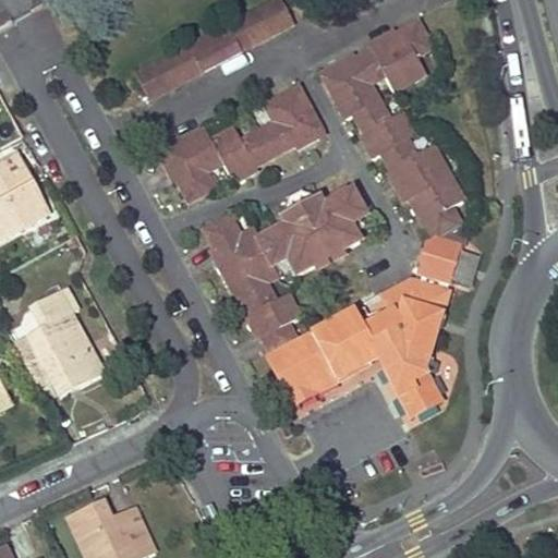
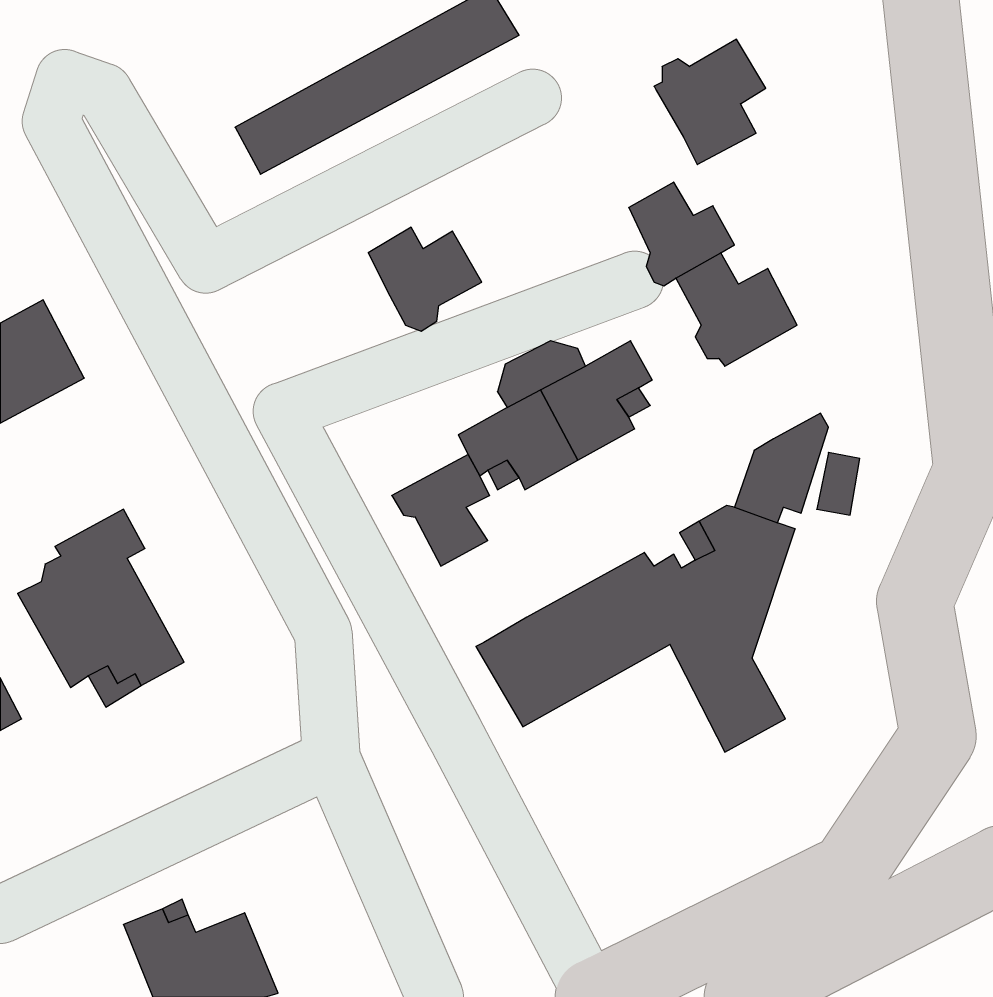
building: [324,50,385,120] -> none
building: [256,85,322,157] -> none
building: [160,133,221,204] -> none
building: [408,181,461,244] -> none
building: [206,220,265,276] -> none
building: [246,294,301,357] -> none

